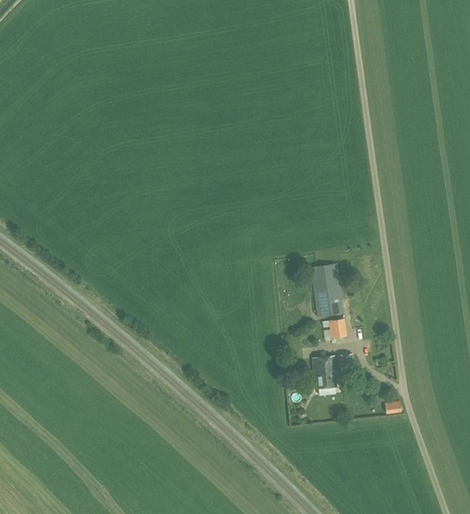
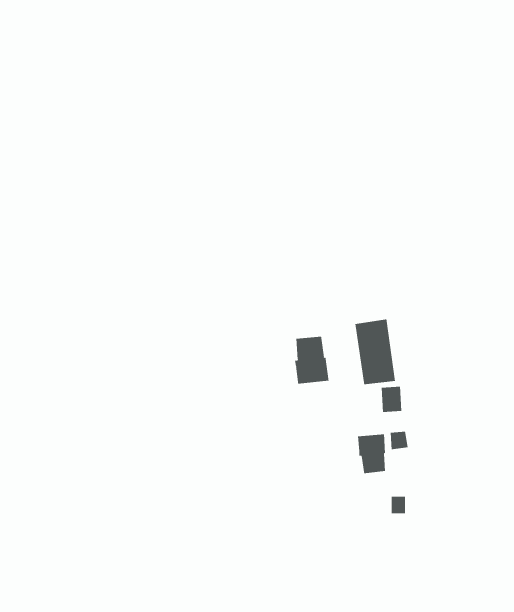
building: none -> [294,336,329,385]

